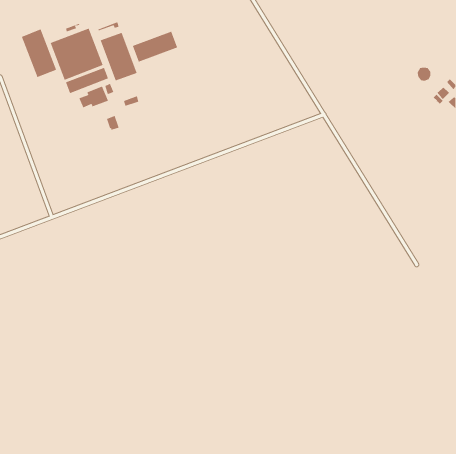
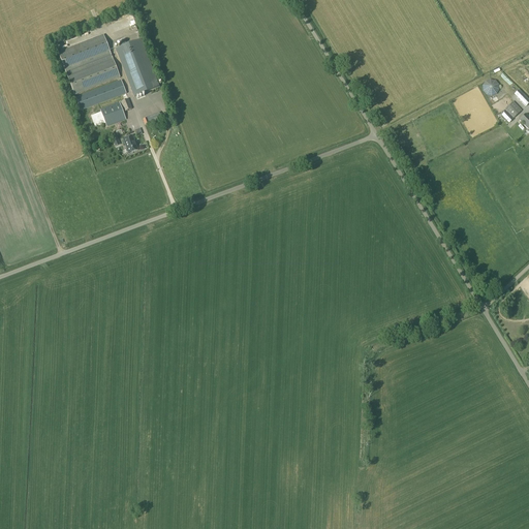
building: [21,29,57,78] -> none
building: [132,31,178,62] -> none

